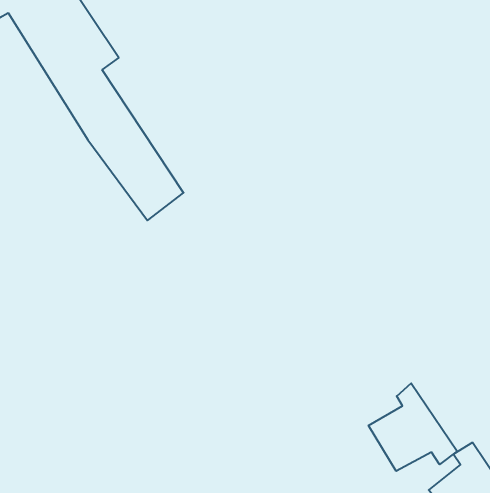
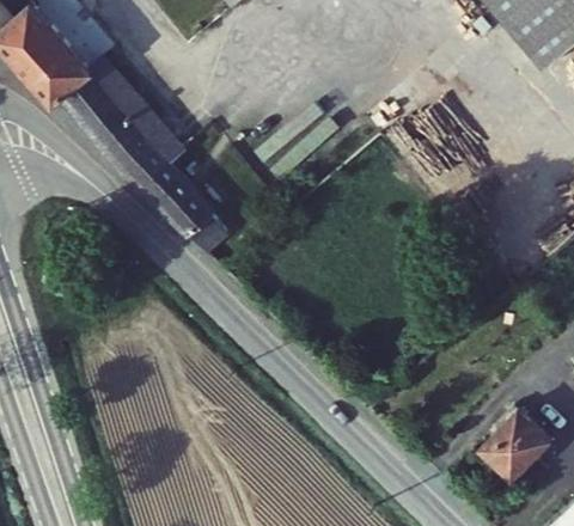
building: [369,383,457,471] -> none

